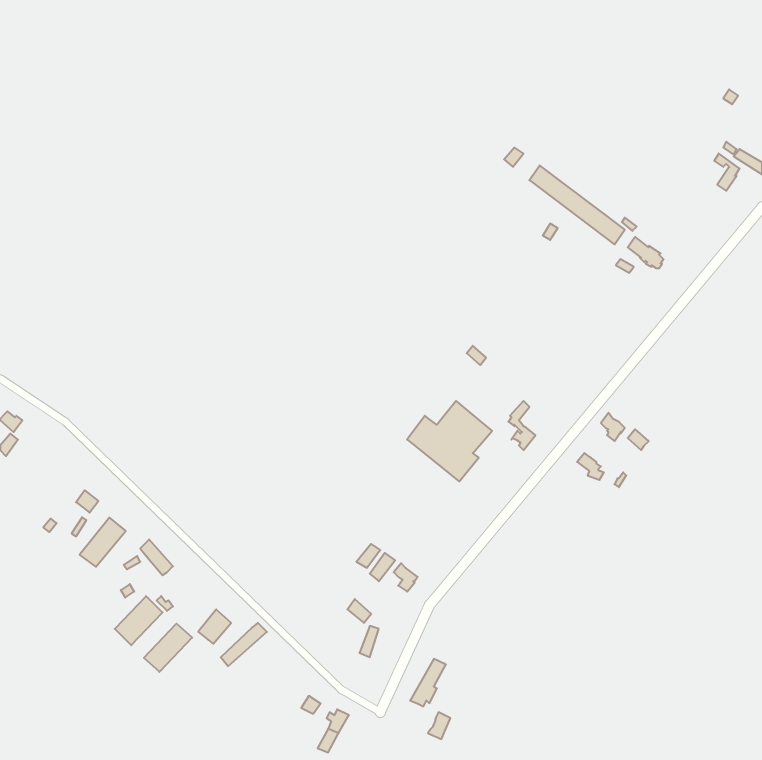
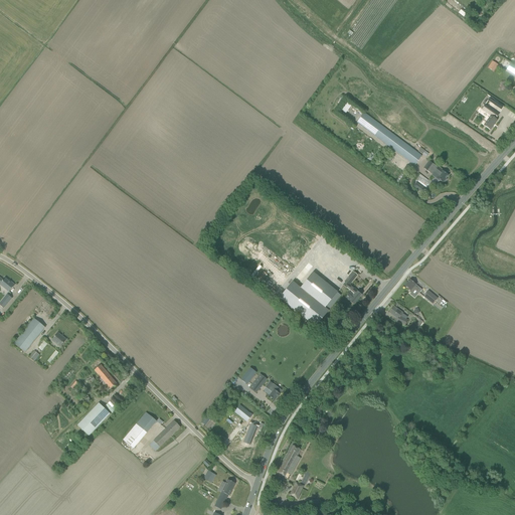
building: [80,518,126,567] -> [14,318,45,351]
building: [144,624,192,672] -> none

